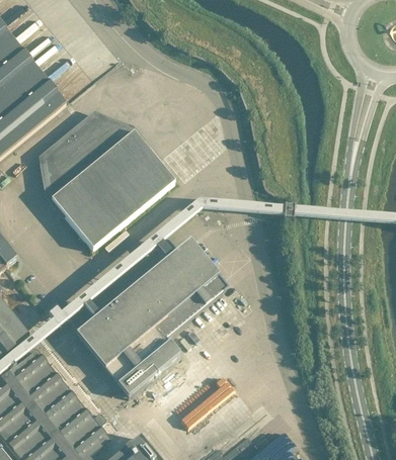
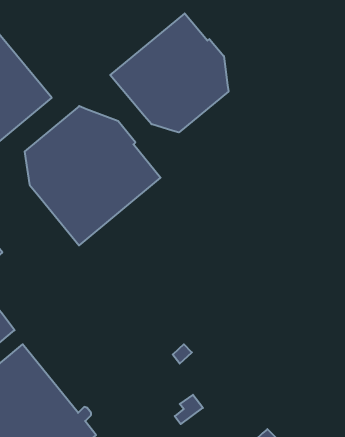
building: none -> [110,13,229,132]
building: [76,239,228,395] -> none

